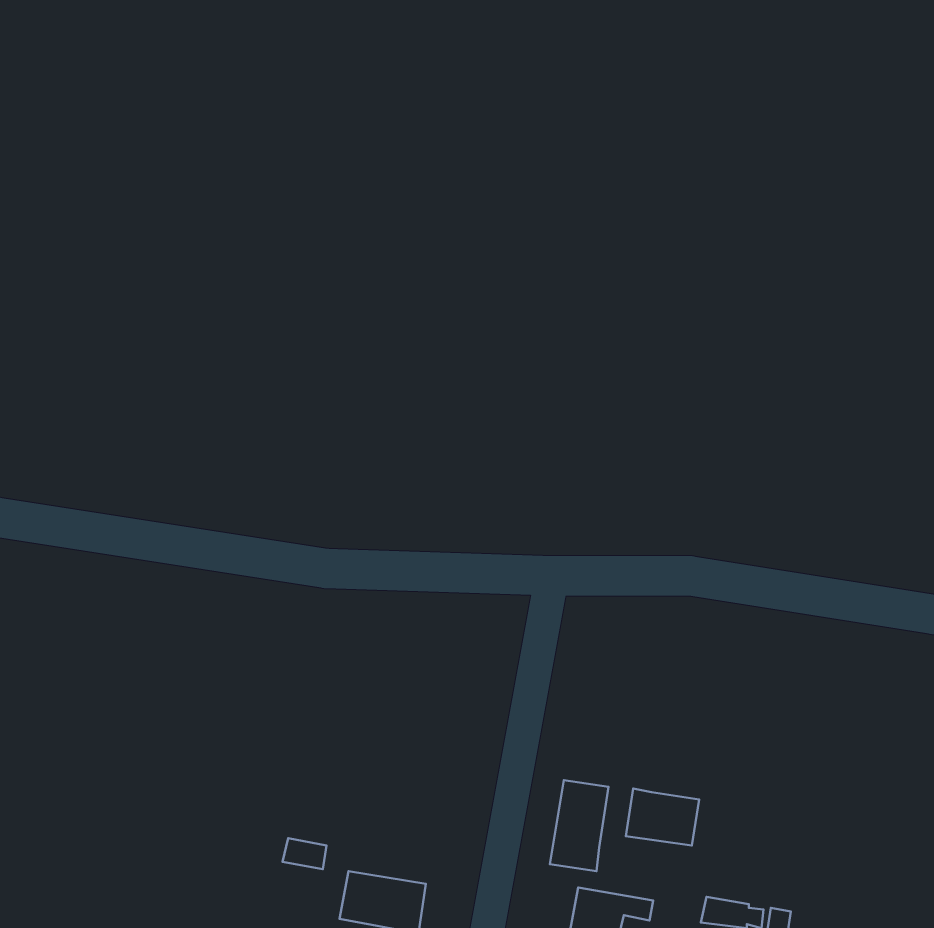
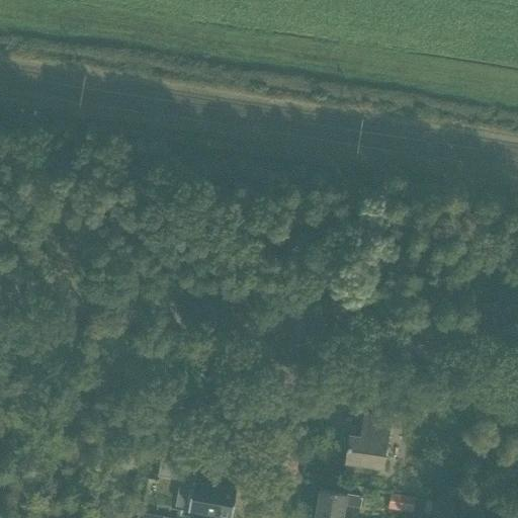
building: none -> [359,419,388,446]
building: [550,780,609,871] -> none

